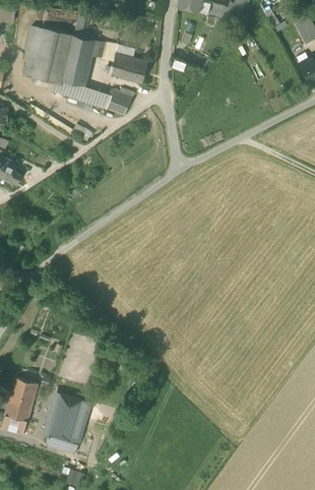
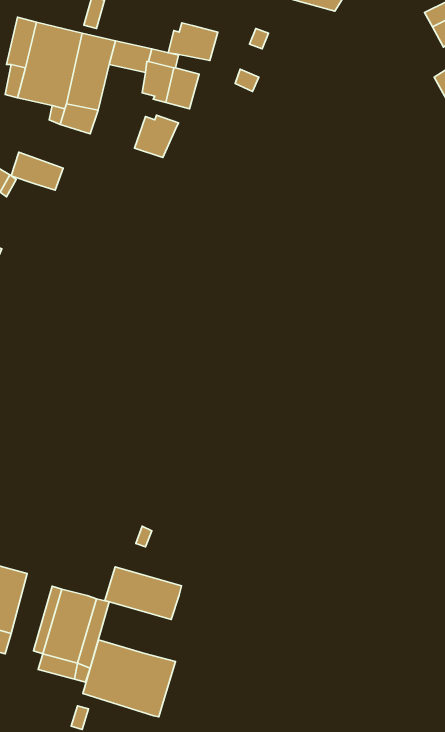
building: none -> [168,23,218,60]
building: [78,85,112,110] -> [11,152,63,190]
building: none -> [105,567,181,620]
building: none -> [83,640,176,717]

